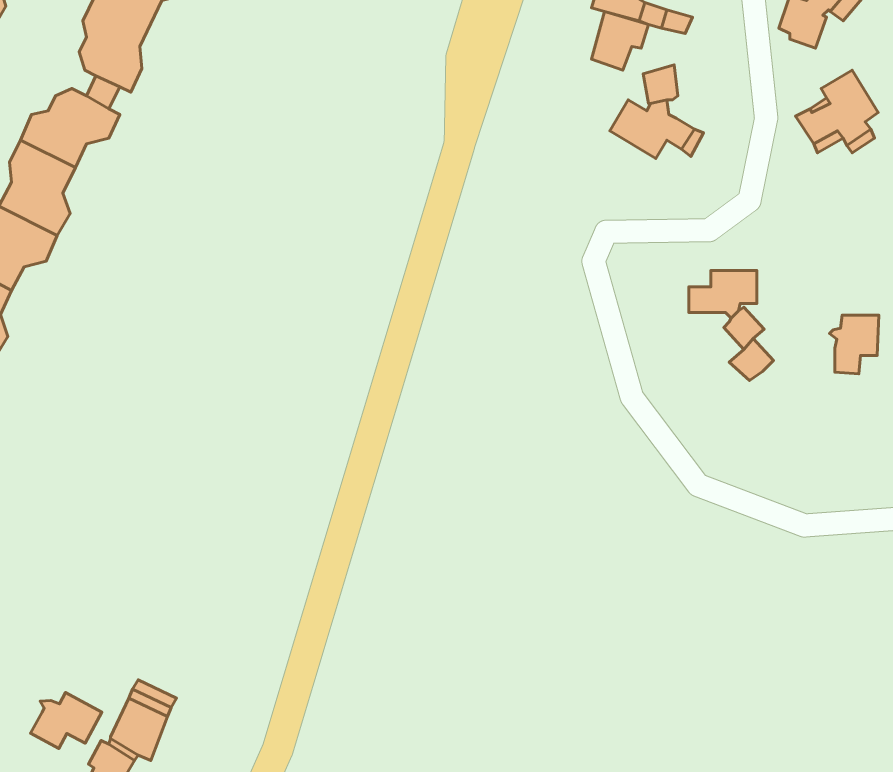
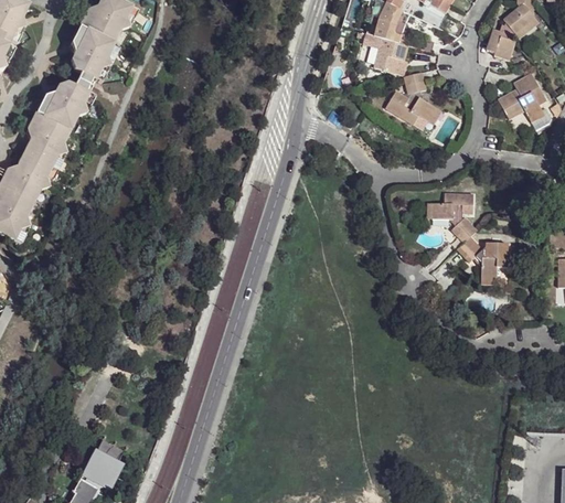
building: [829,315,879,374] -> [479,242,509,277]
building: [31,692,102,748] -> none

